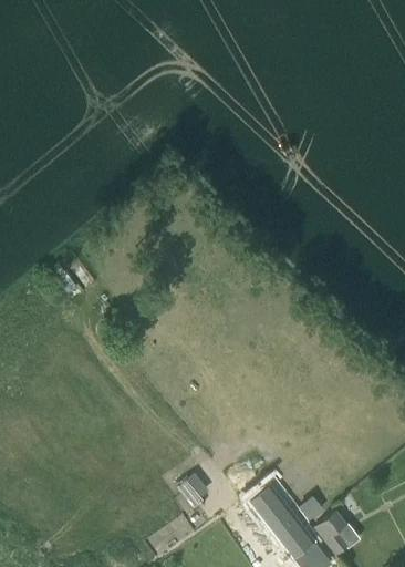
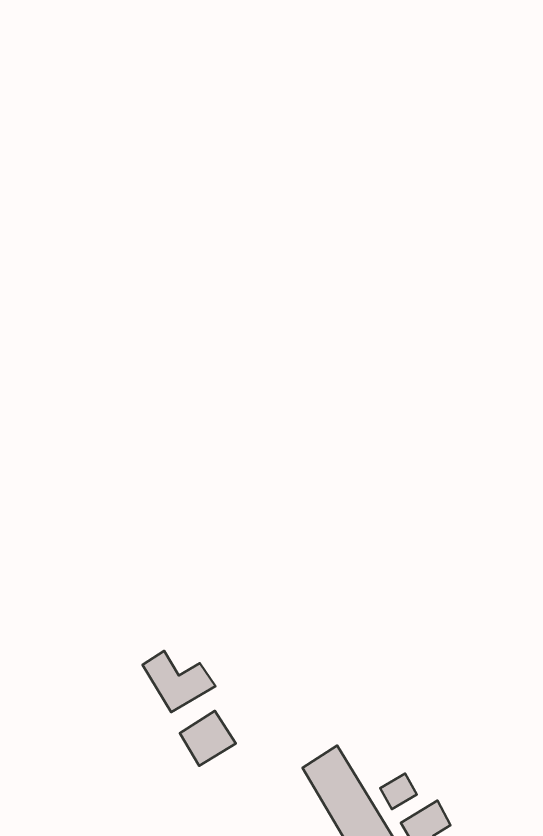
building: none -> [143,651,215,712]

